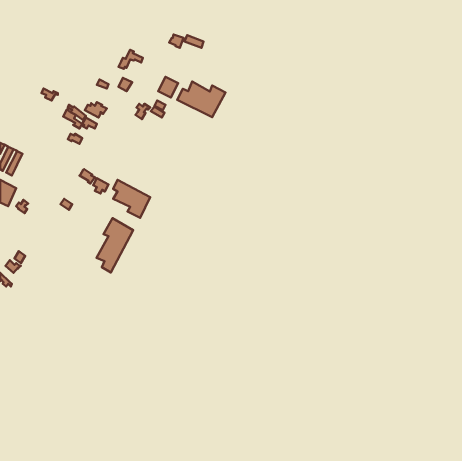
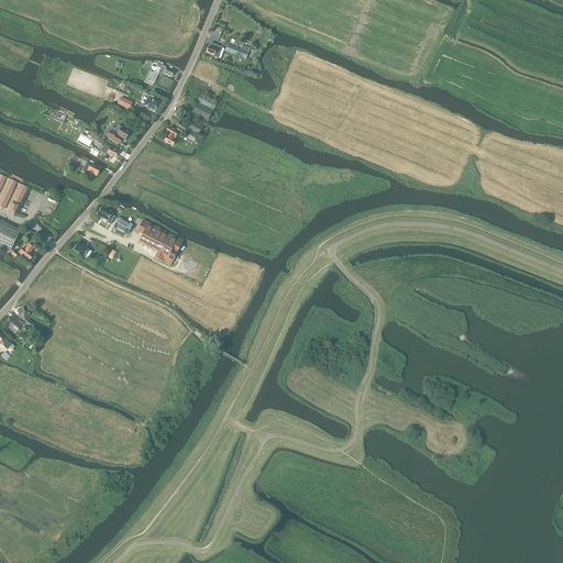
building: [177,81,226,117] -> none
building: [96,218,133,272] -> none

